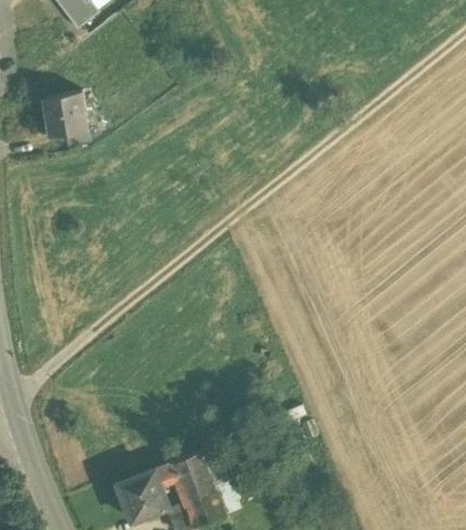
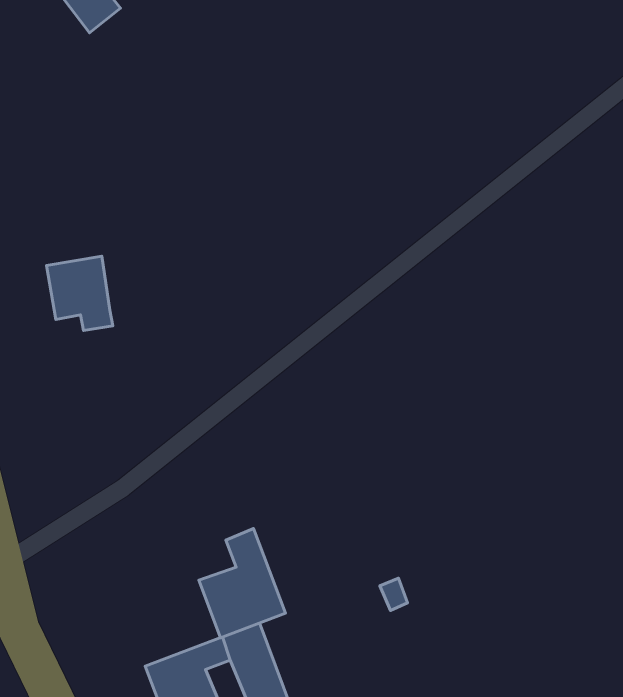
building: [39,91,86,144] -> [46,256,113,330]
building: none -> [199,529,286,638]

